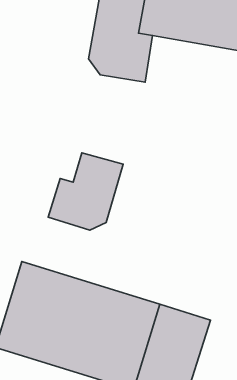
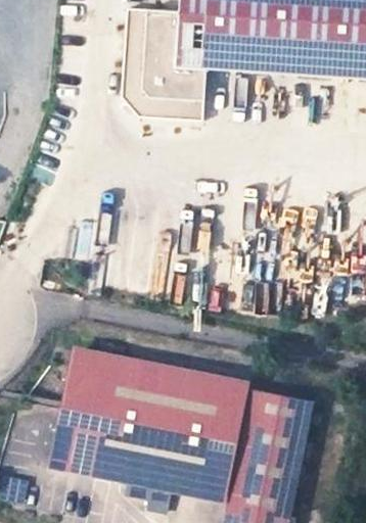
building: [48,153,123,230] -> none

